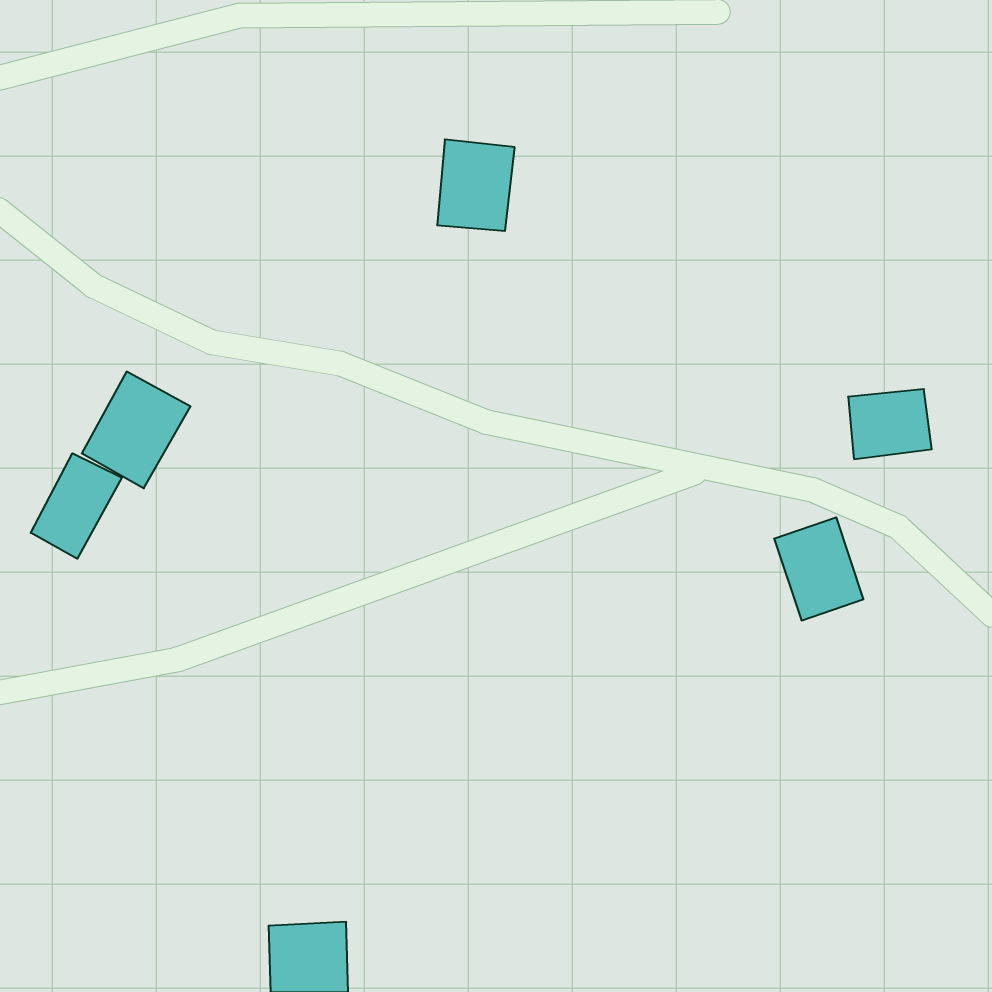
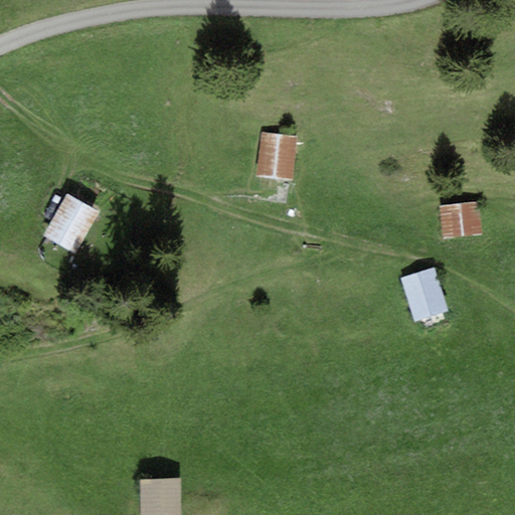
building: [437,139,515,231] -> [256,132,297,179]
building: [31,453,122,559] -> none

